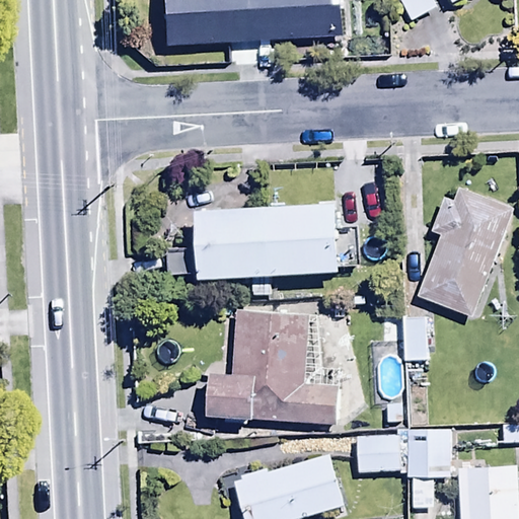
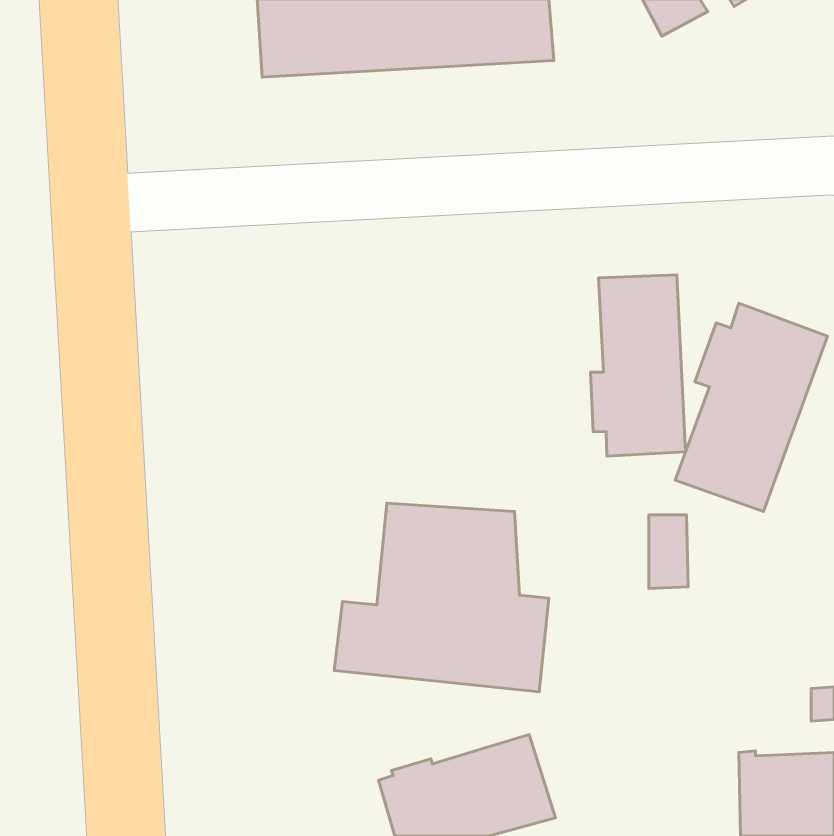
building: none -> [591,275,685,456]
building: [167,203,359,278] -> none
building: [354,428,449,509] -> none

